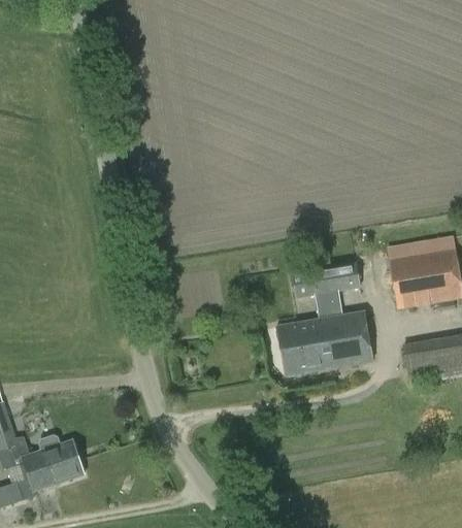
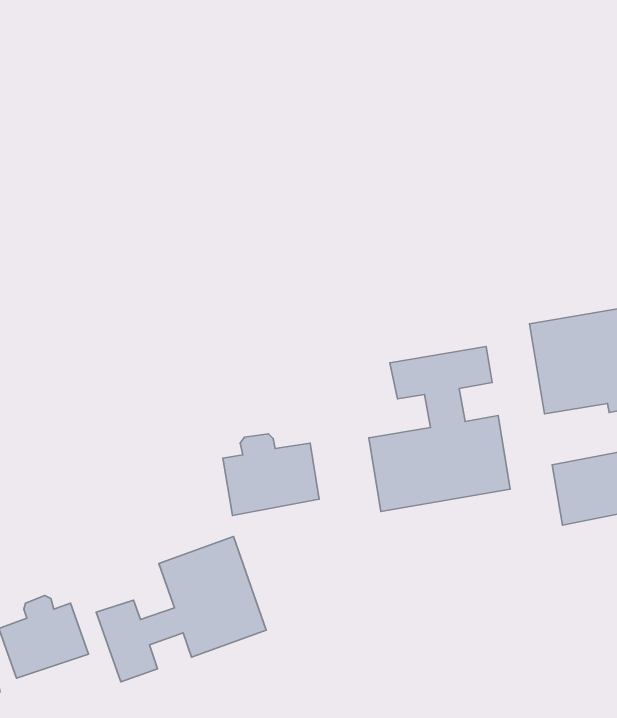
building: none -> [223,434,319,515]
building: none -> [96,536,266,682]

